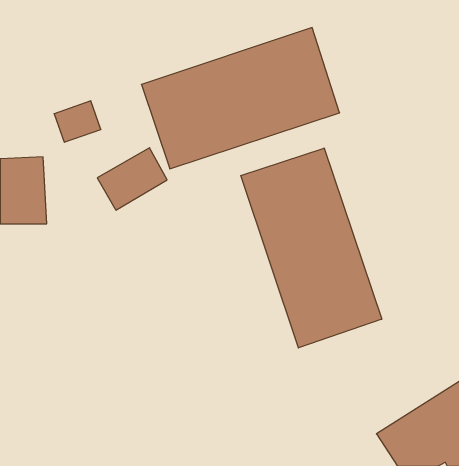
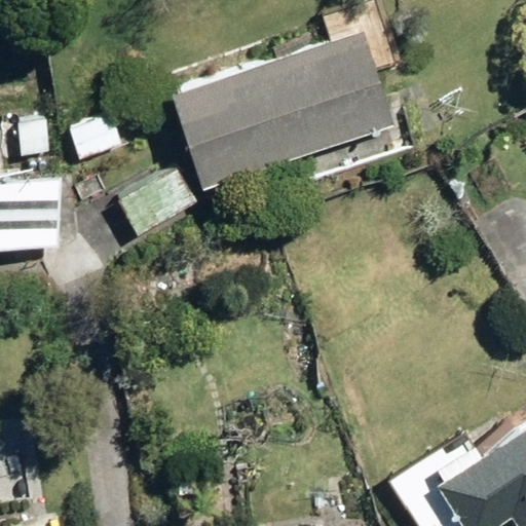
building: [241,148,382,348] -> none

